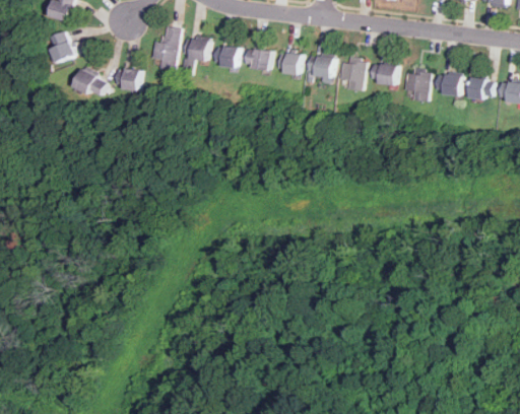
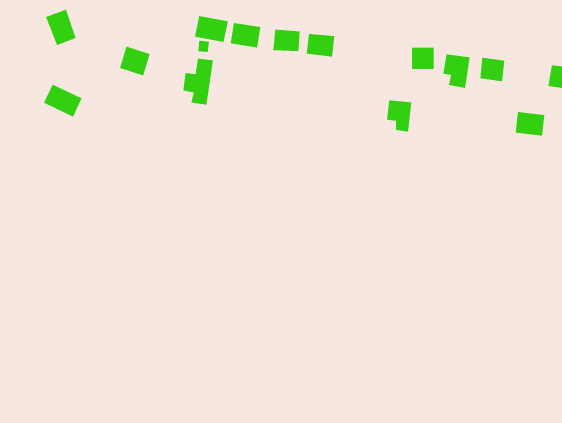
building: [150,27,179,70] -> [183,58,214,105]
building: [313,56,339,77] -> none
building: [342,61,366,90] -> [386,100,412,132]
building: [69,66,105,96] -> [43,84,82,117]
building: [467,78,495,100] -> [515,111,545,136]

